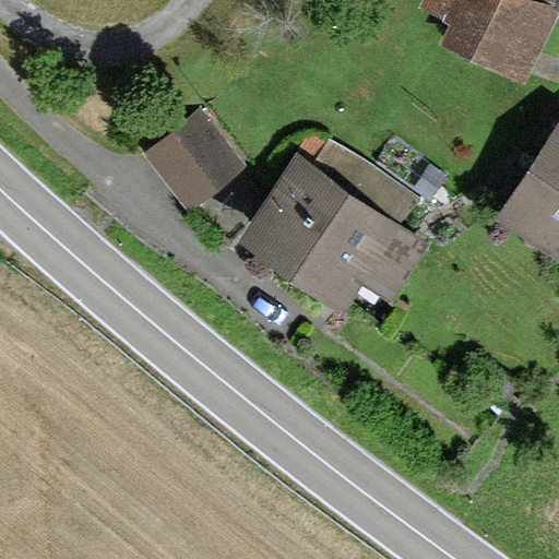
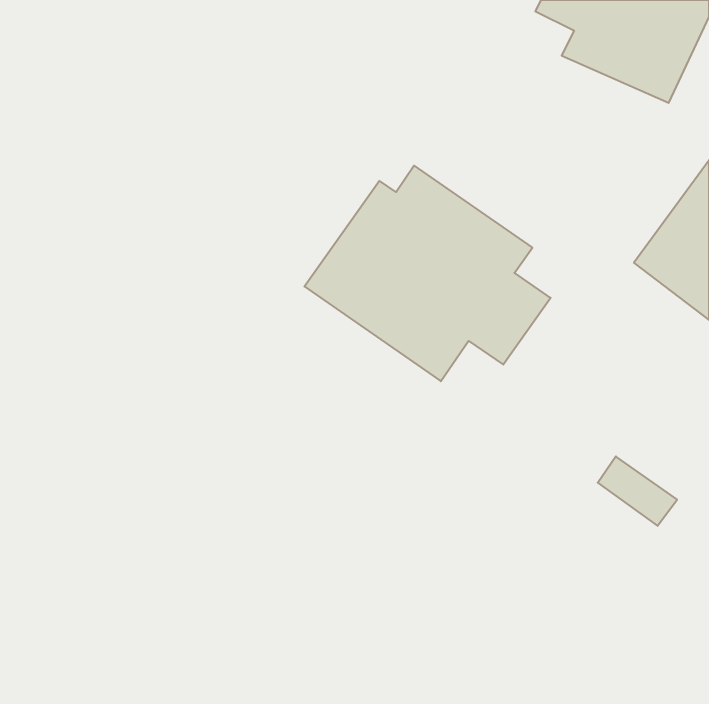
building: [143,107,249,213] -> none

